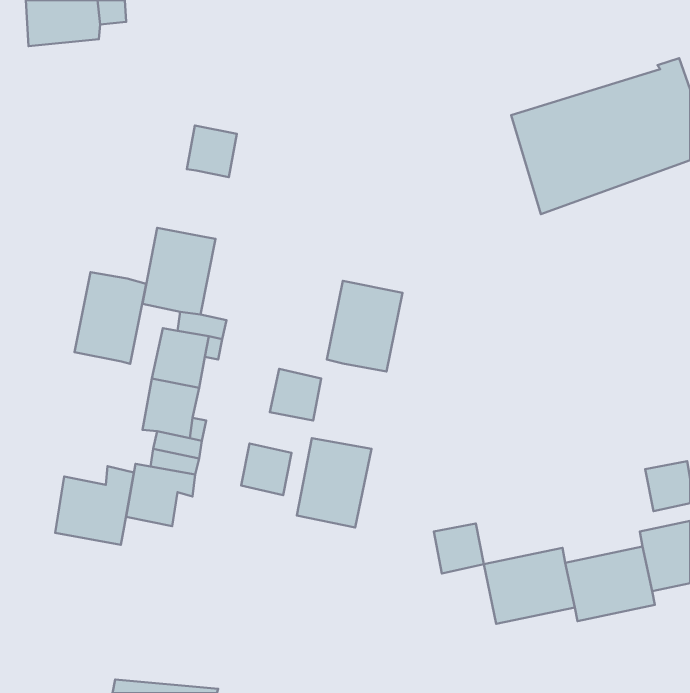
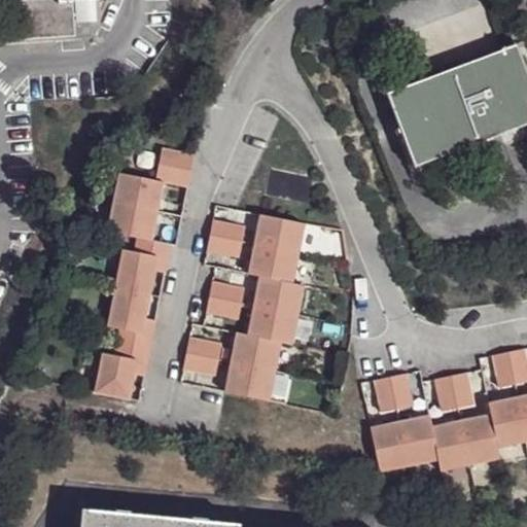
building: [187,126,237,177] -> [156,147,195,186]
building: [75,272,146,364] -> none
building: none -> [207,218,244,257]
building: none -> [248,276,304,344]
building: [55,466,134,545] -> none
building: none -> [432,374,471,412]
building: [434,523,484,574] -> [373,375,411,413]

